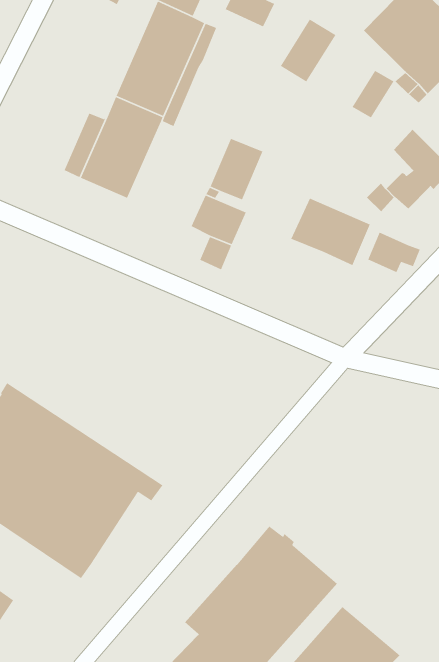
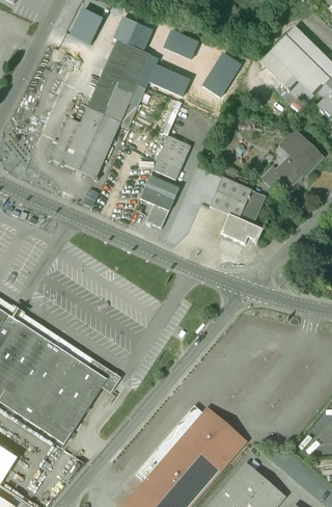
building: none -> [148,63,189,96]
building: [351,70,395,119] -> none
building: [367,231,421,273] -> [223,215,260,244]

